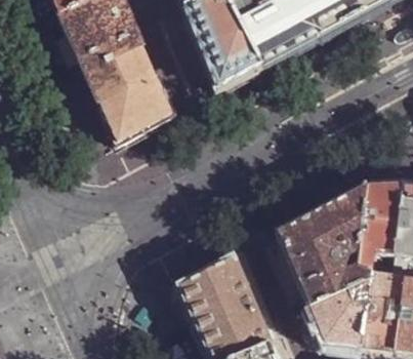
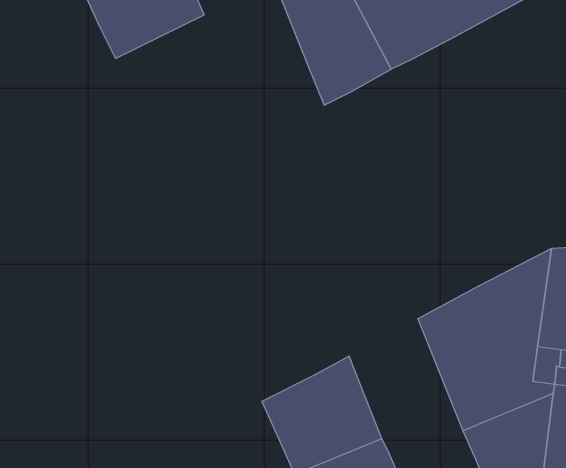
building: [80,30,172,144] -> none

